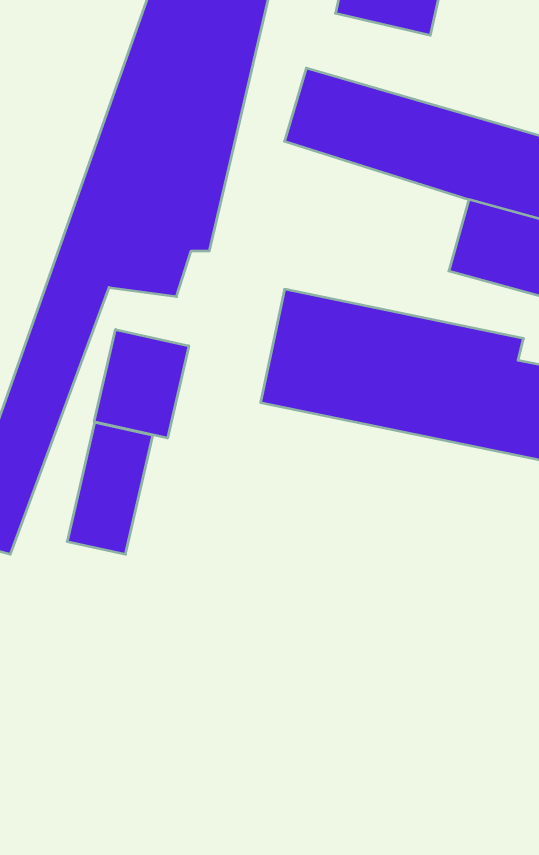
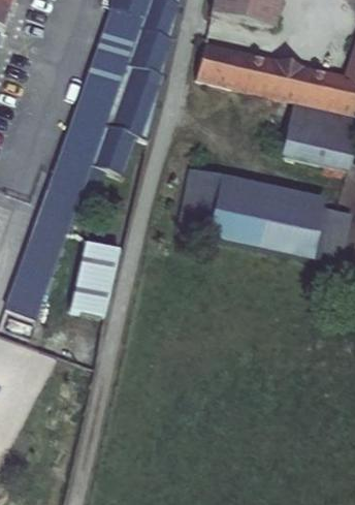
building: [94,329,189,438] -> none

